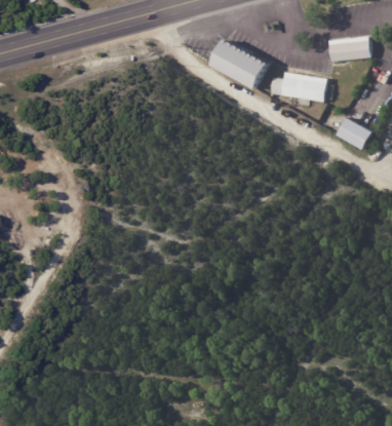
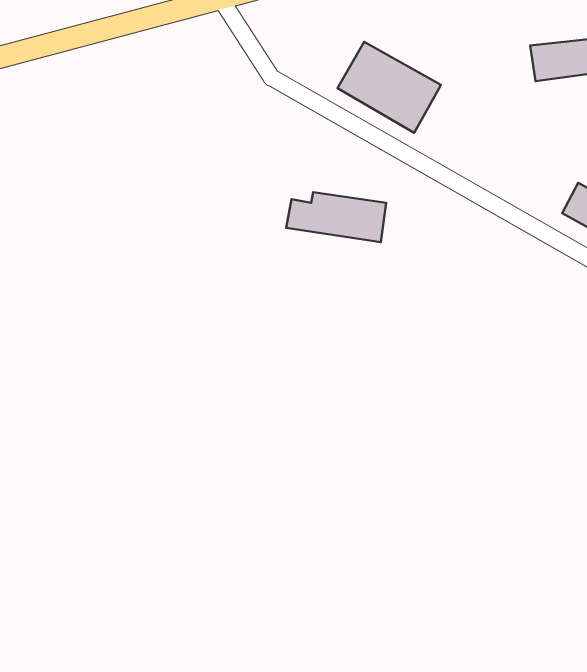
building: [269,73,326,102] -> [286,192,386,242]

